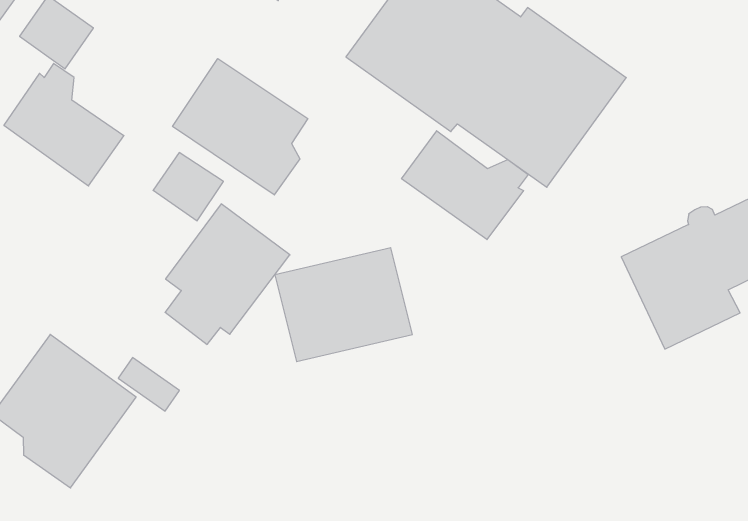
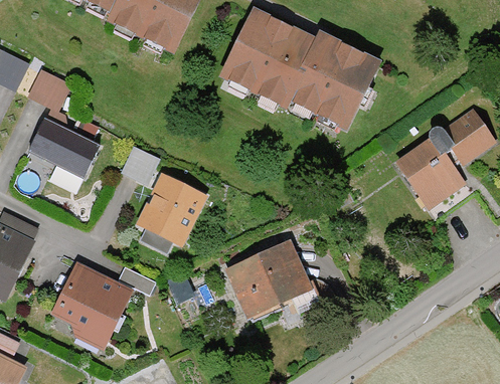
building: [173,59,308,195] -> none
building: [402,131,528,240] -> none
building: [275,248,412,362] -> [225,242,310,317]

